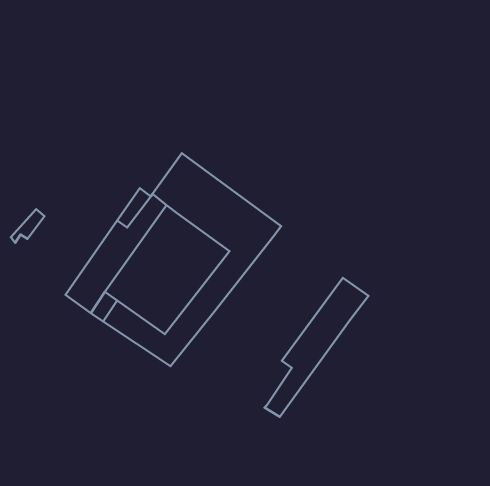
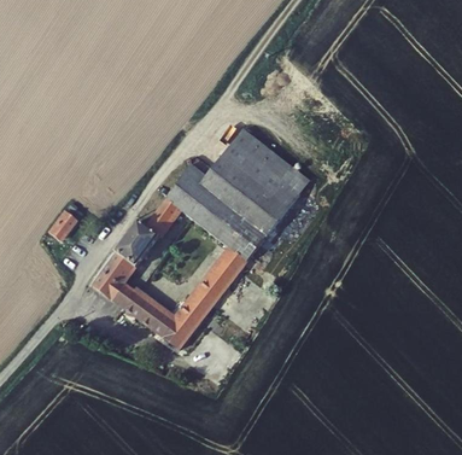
building: none -> [191,123,311,226]
building: [265,278,368,417] -> none

